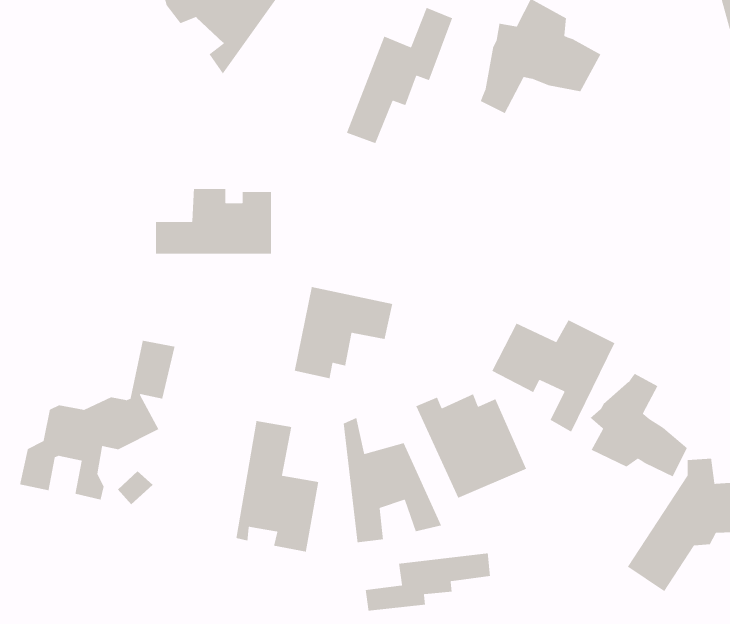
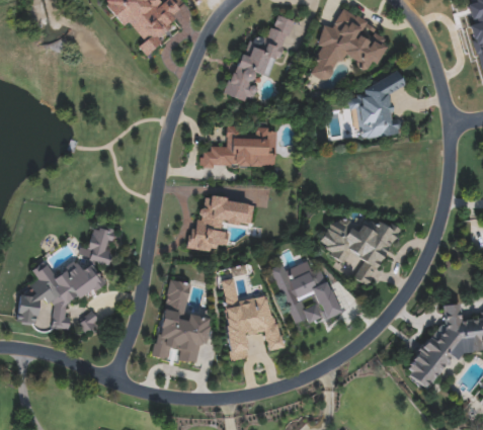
building: none -> [350,73,406,140]
building: [155,188,272,254] -> [202,125,276,168]
building: [590,373,688,477] -> none
building: [365,552,491,611] -> none

